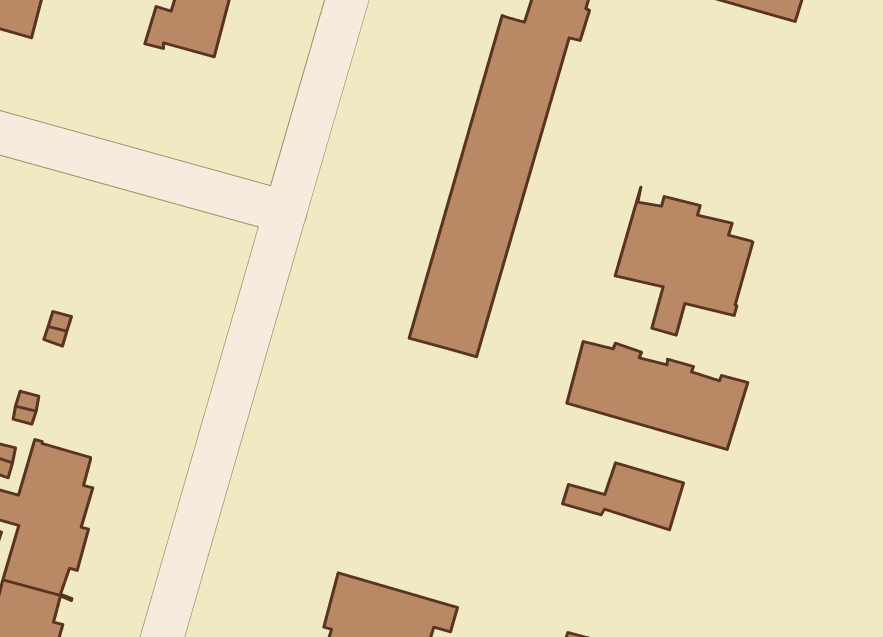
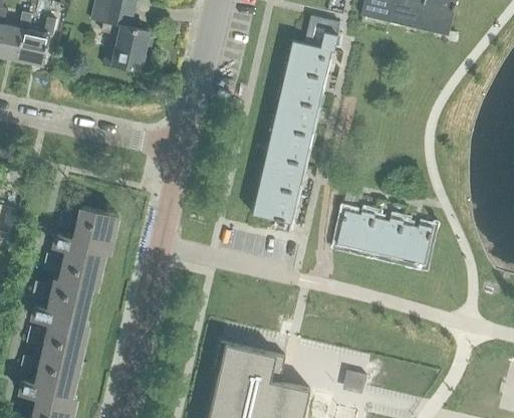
building: [615,187,753,335] -> none
building: none -> [55,208,120,289]
building: [563,463,683,530] -> none

